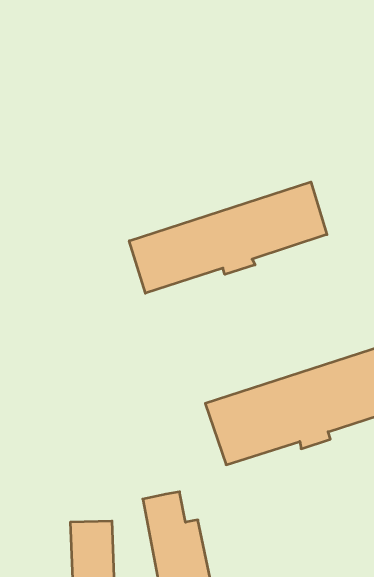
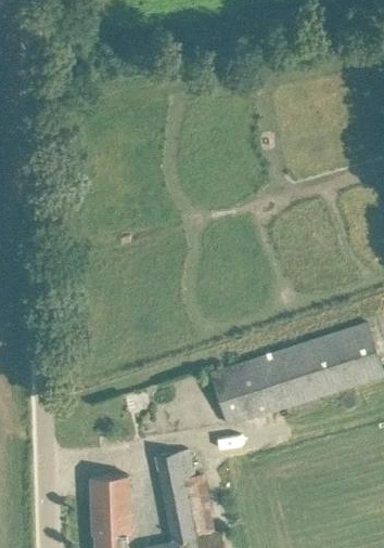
building: [129,182,327,293] -> none

